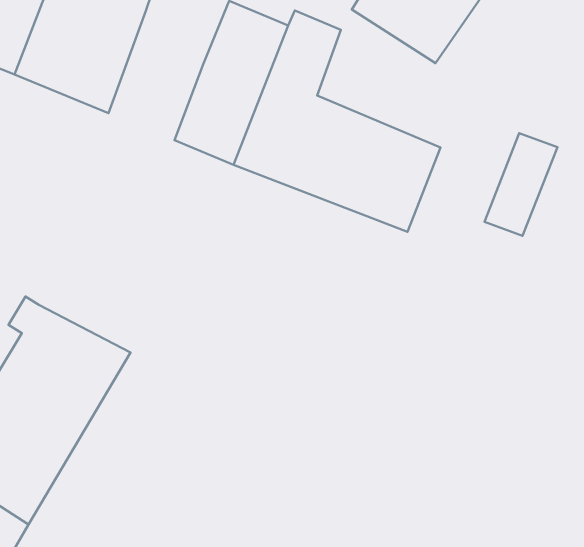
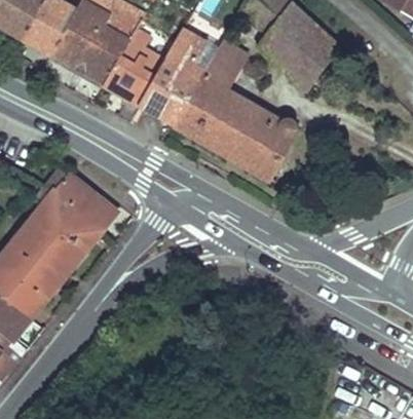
building: none -> [107,27,167,106]
building: [484,133,557,236] -> none
building: none -> [42,174,113,228]

